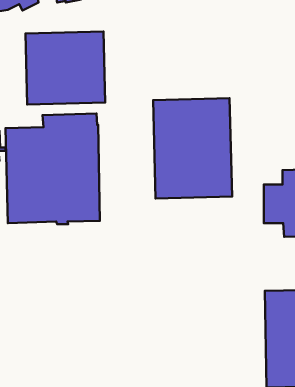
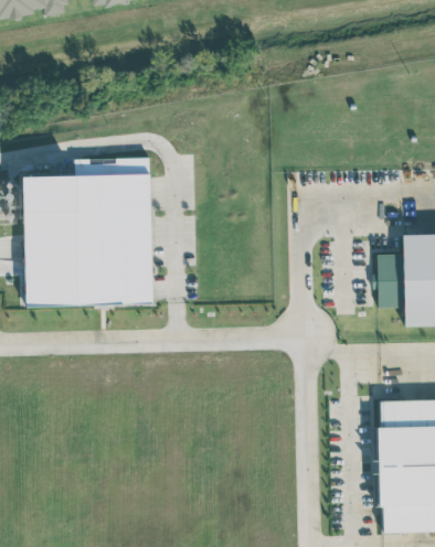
building: [25,31,105,105] -> none
building: [153,98,232,199] -> none

